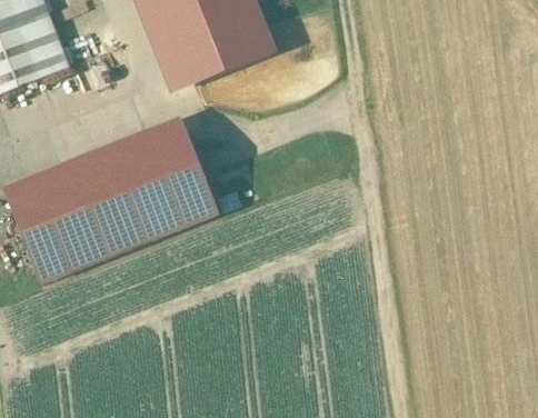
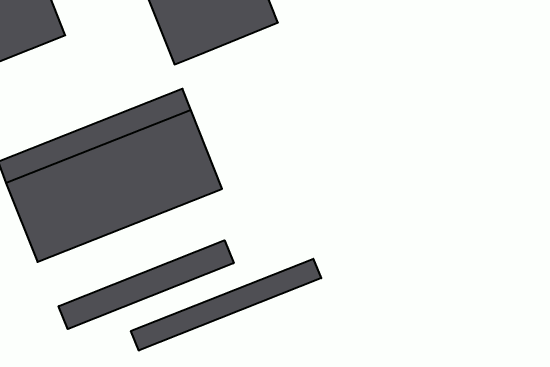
building: none -> [59,240,234,329]
building: none -> [131,259,321,351]

